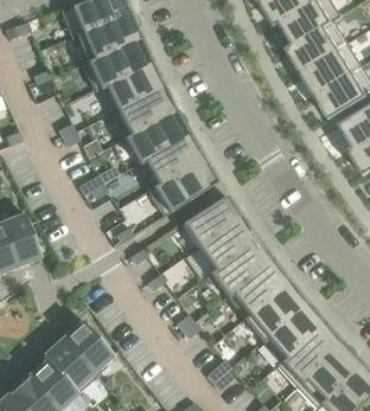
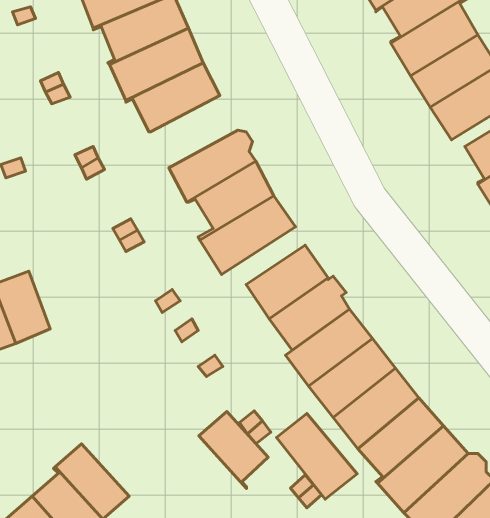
building: [114,88,177,140] -> none
building: none -> [277,414,357,499]
building: [64,321,114,377] -> [199,411,268,489]

